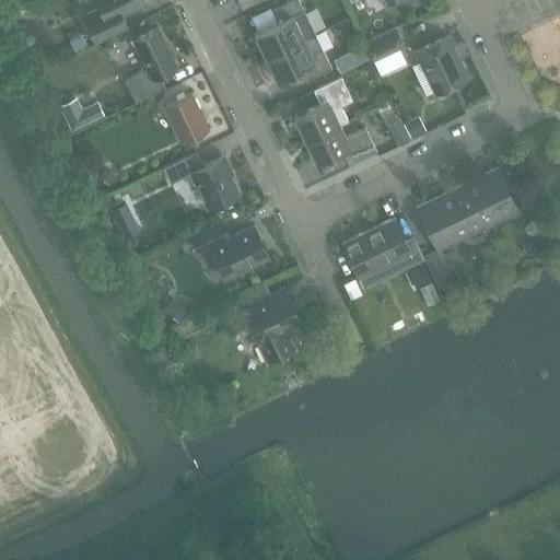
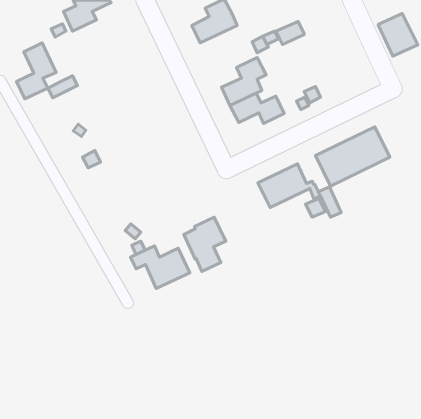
building: [125,30,177,104] -> [16,43,56,99]
building: [266,36,332,83] -> none
building: [417,38,469,95] -> [378,13,418,56]
building: [165,94,208,143] -> none
building: [163,153,238,210] -> none
building: [190,223,269,280] -> [131,246,190,289]

